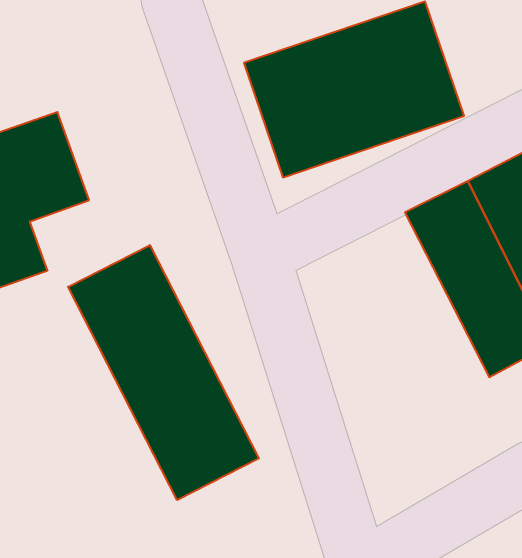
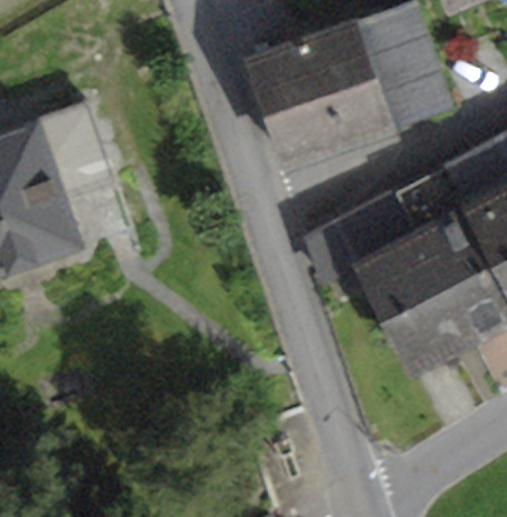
building: none -> [310,195,469,370]
building: [68,245,259,500] -> none

